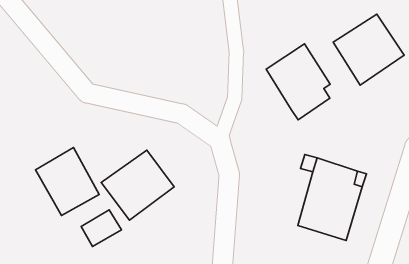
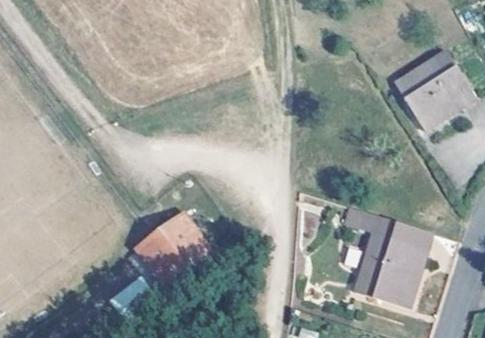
building: [266,44,330,120] -> none
building: [35,148,99,215] -> none

